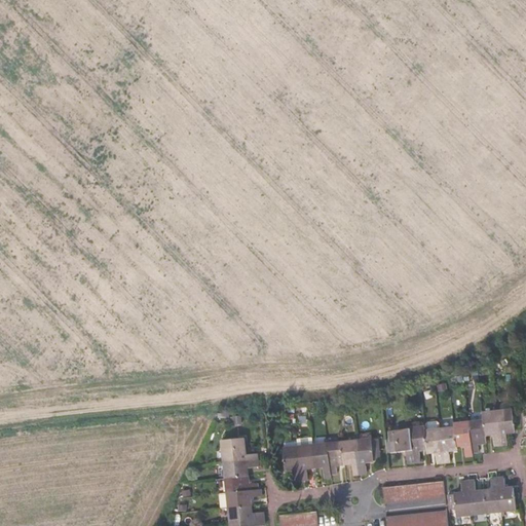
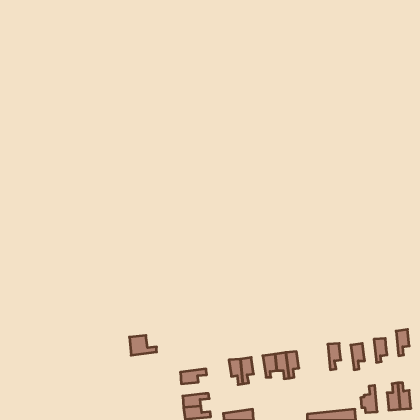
building: [480,413,497,445] -> none
building: [452,423,469,456] -> none
building: [389,429,412,461] -> none
building: [423,430,442,462] -> none
building: [223,440,257,464] -> [129,335,157,355]
building: [313,444,332,476] -> none
building: [226,477,256,494] -> none
building: [467,481,485,514] -> none
building: [379,482,441,505] -> none

